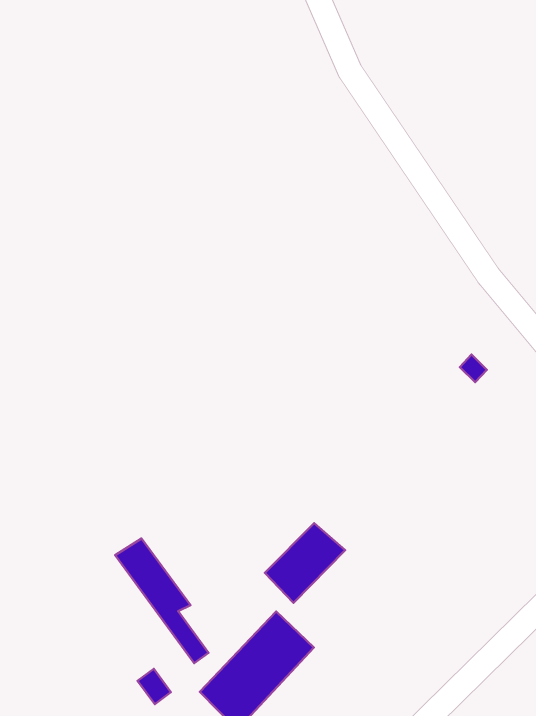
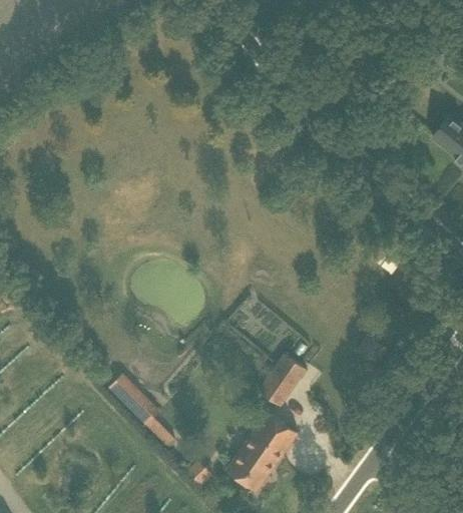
building: [115,539,208,663] -> [108,375,176,448]

